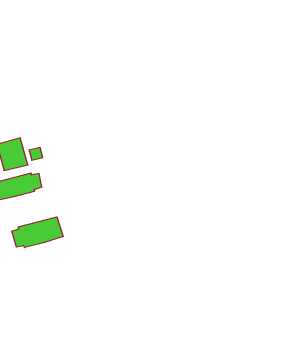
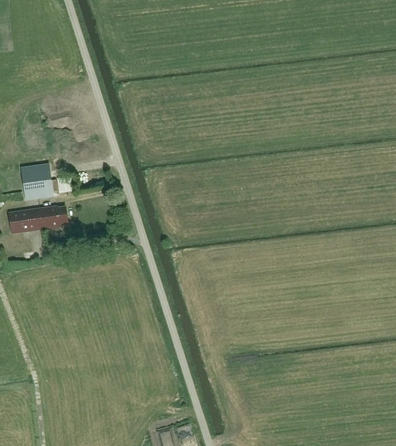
building: [12,217,63,248] -> none

